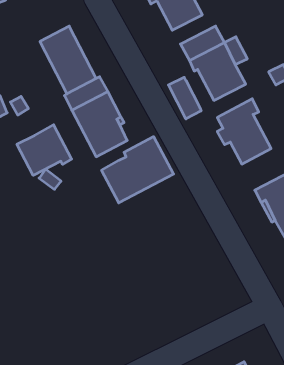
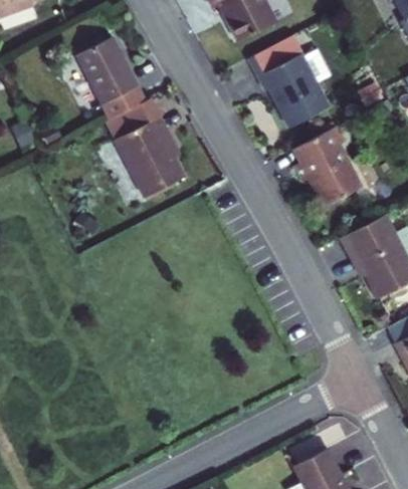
building: [168,77,201,119] -> none
building: [17,125,72,175] -> none
building: [102,137,174,203] -> none

